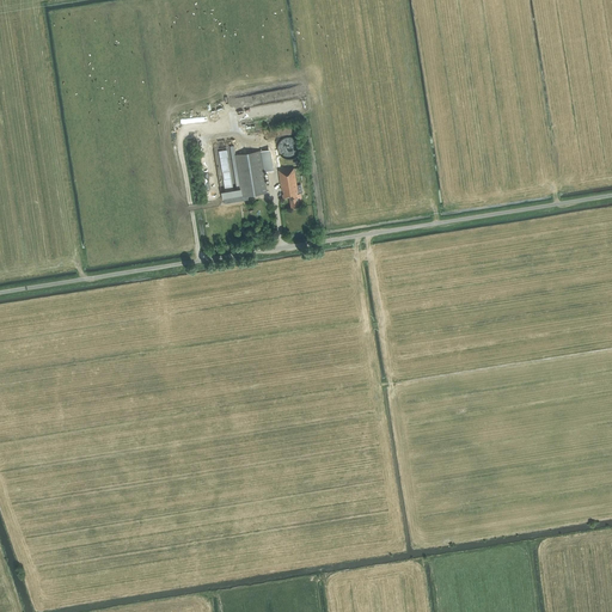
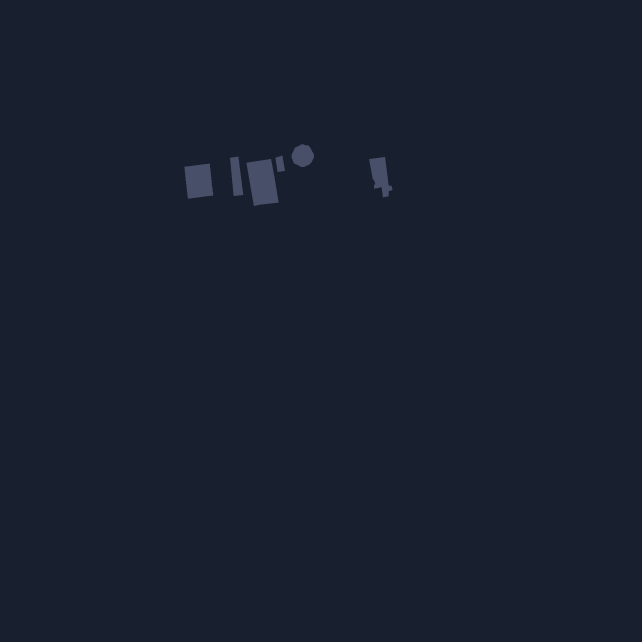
building: none -> [184,163,214,200]
building: [276,169,300,208] -> [368,156,393,198]

